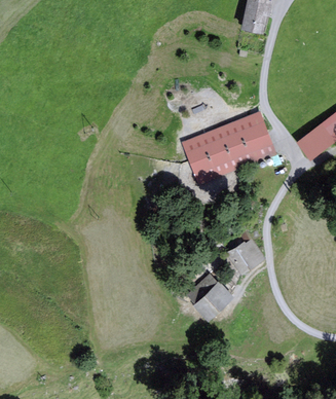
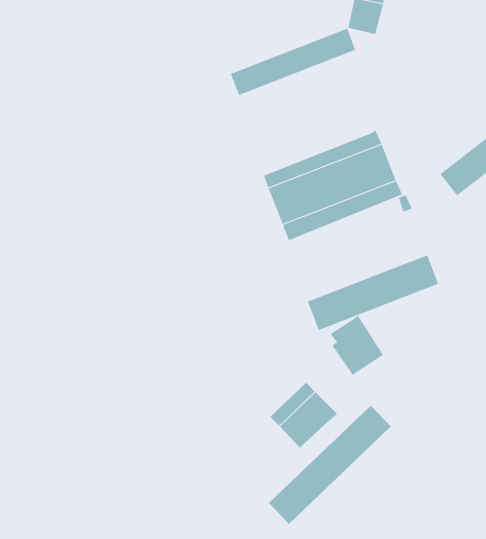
building: none -> [230,28,356,96]
building: none -> [307,255,439,331]
building: none -> [268,405,392,525]

